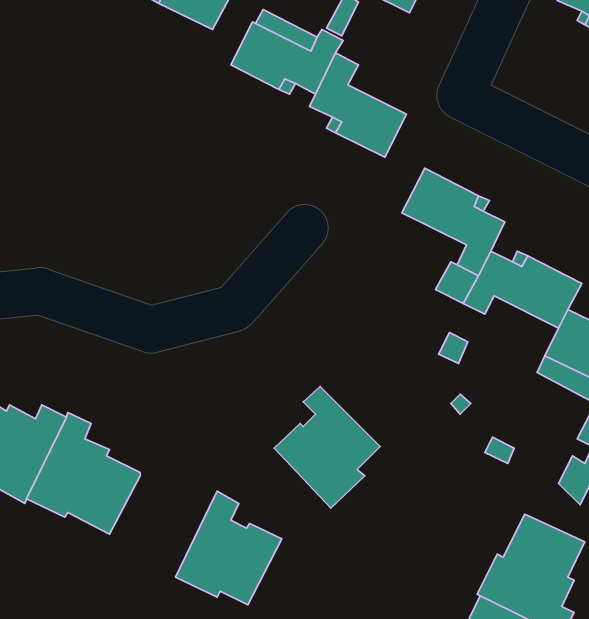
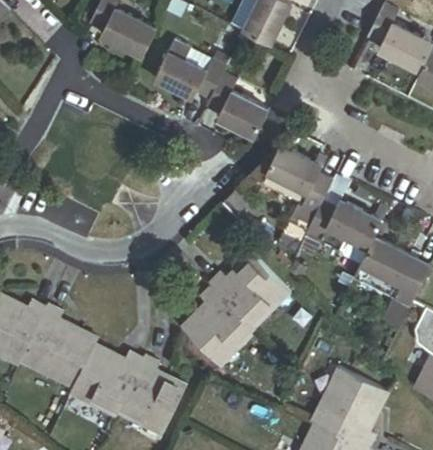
building: none -> [208,254,285,328]
building: none -> [74,346,143,415]

